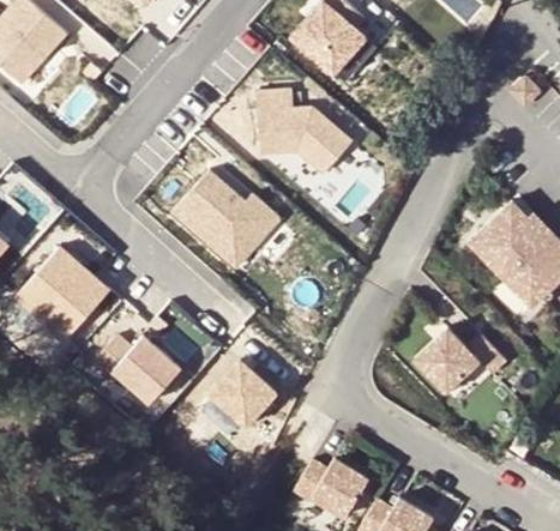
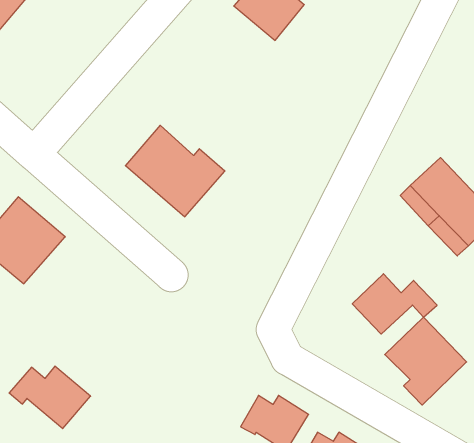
building: [257,90,353,176] -> none
building: [94,333,181,400] -> [9,366,91,429]
building: [212,360,285,433] -> none
building: none -> [385,317,467,405]

